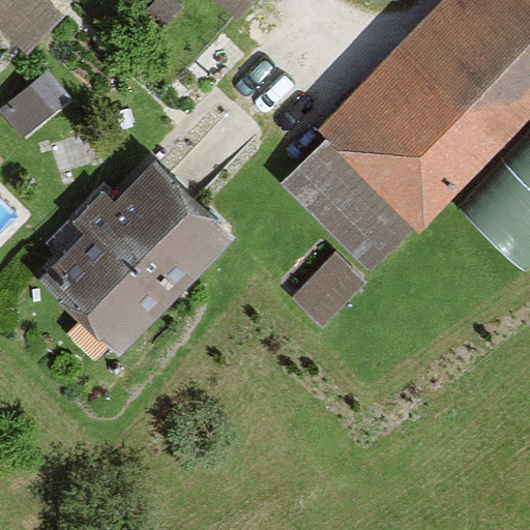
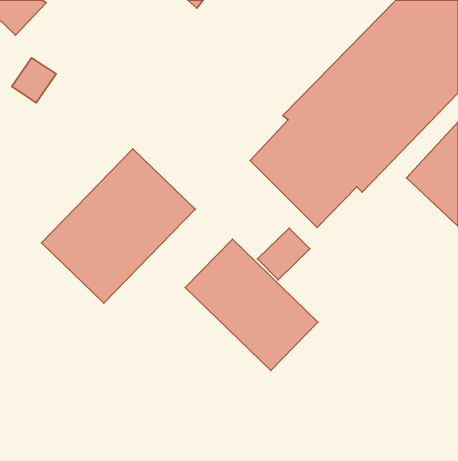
building: none -> [185,239,318,371]

